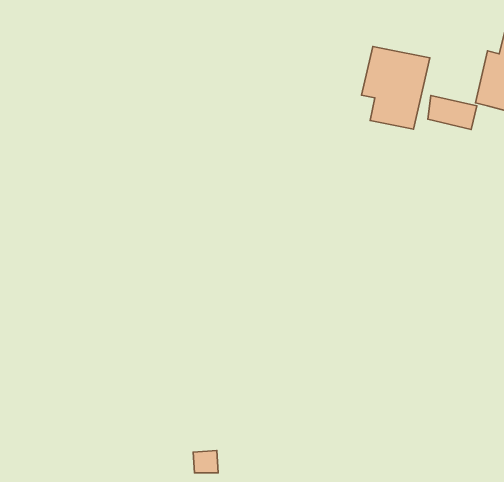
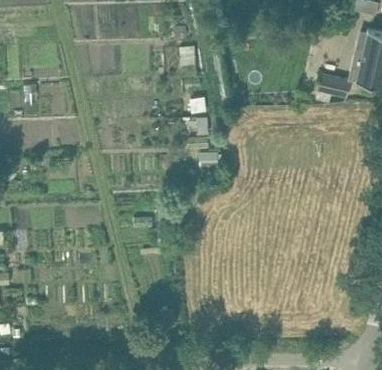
building: [362,46,430,129] -> none

